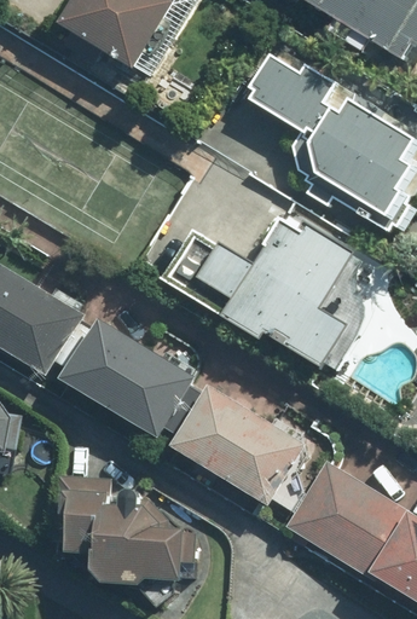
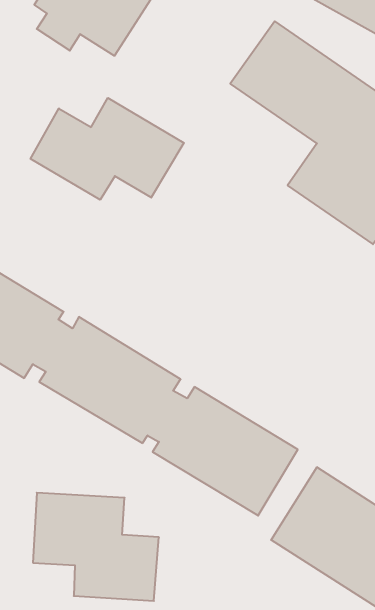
building: none -> [31,98,184,200]
building: [158,209,355,366] -> none

